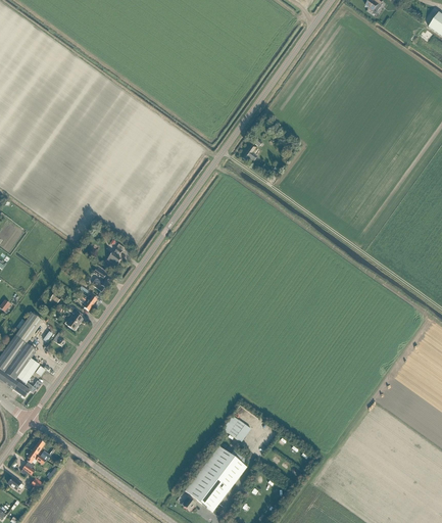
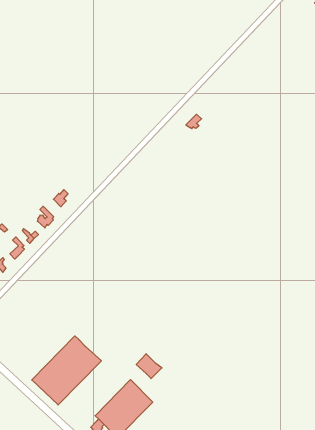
building: none -> [32,336,101,405]

